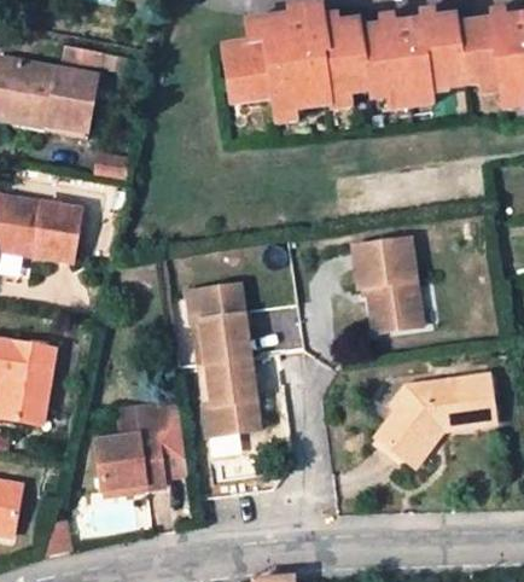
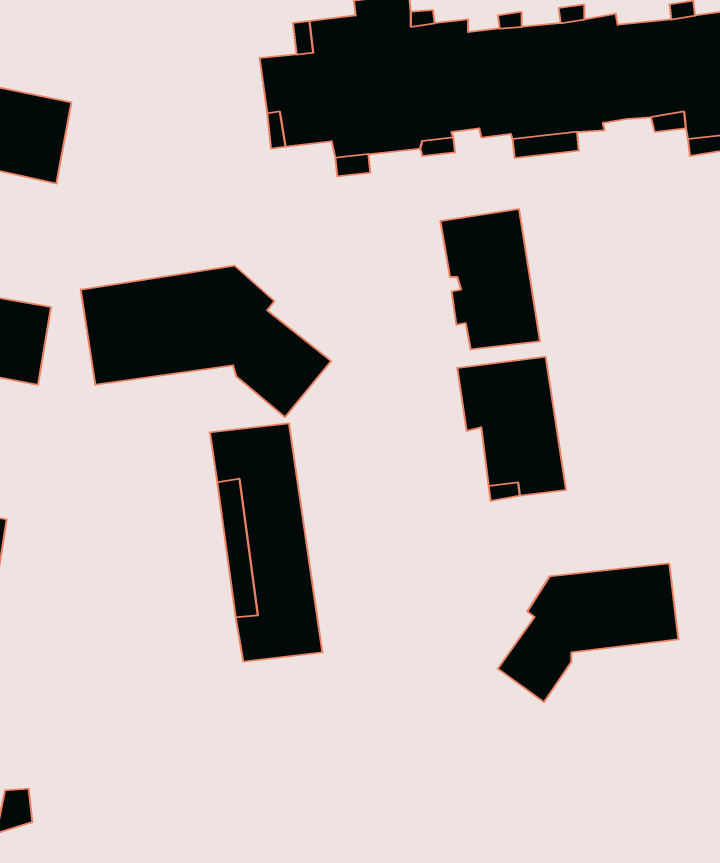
building: none -> [441,209,540,350]
building: none -> [81,266,331,417]
building: [99,406,188,490] -> none

